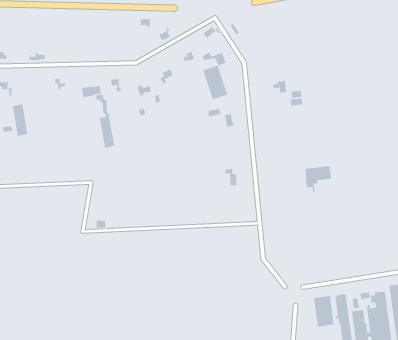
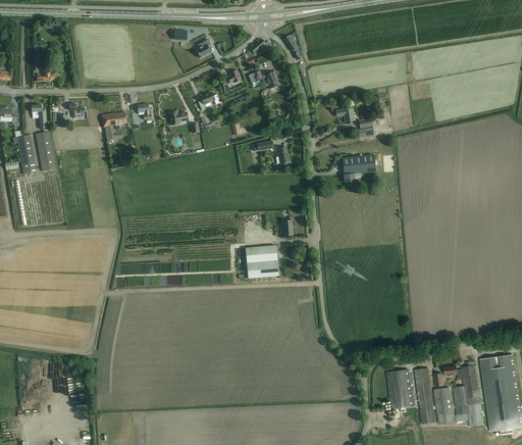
building: [202,65,228,100] -> none
building: [95,94,115,148] -> [32,104,56,170]
building: [305,166,332,192] -> [343,154,376,187]
building: none -> [246,244,279,278]

